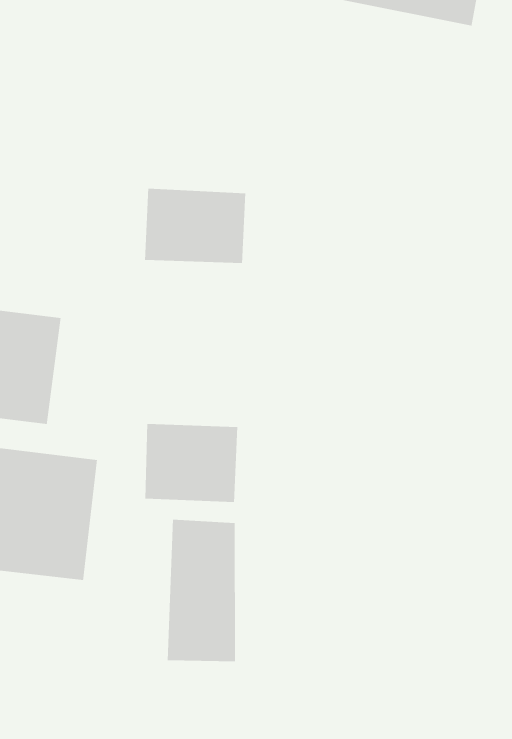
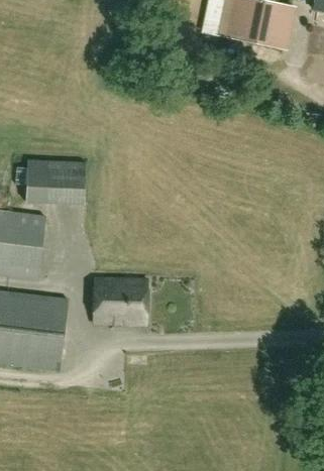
building: [144,188,246,264] -> [26,159,86,204]
building: [167,519,236,662] -> none

